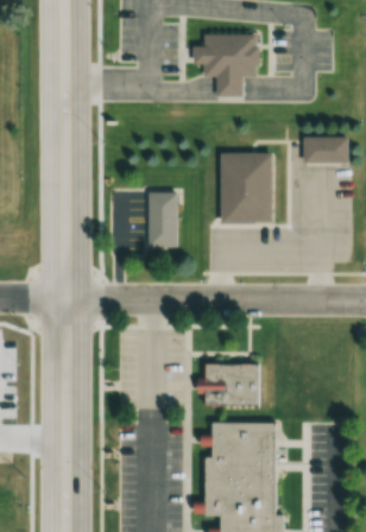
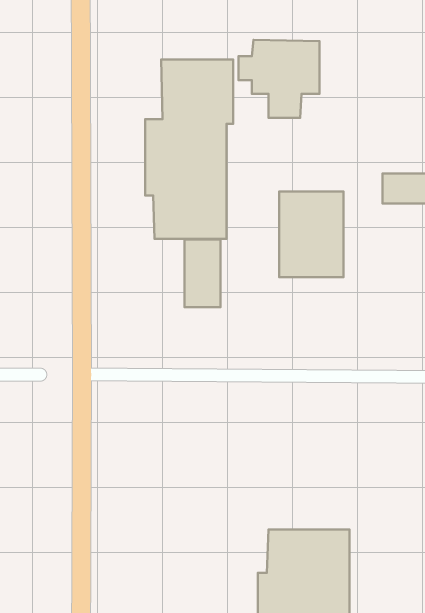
building: none -> [145,59,233,239]
building: [208,363,260,404] -> none

